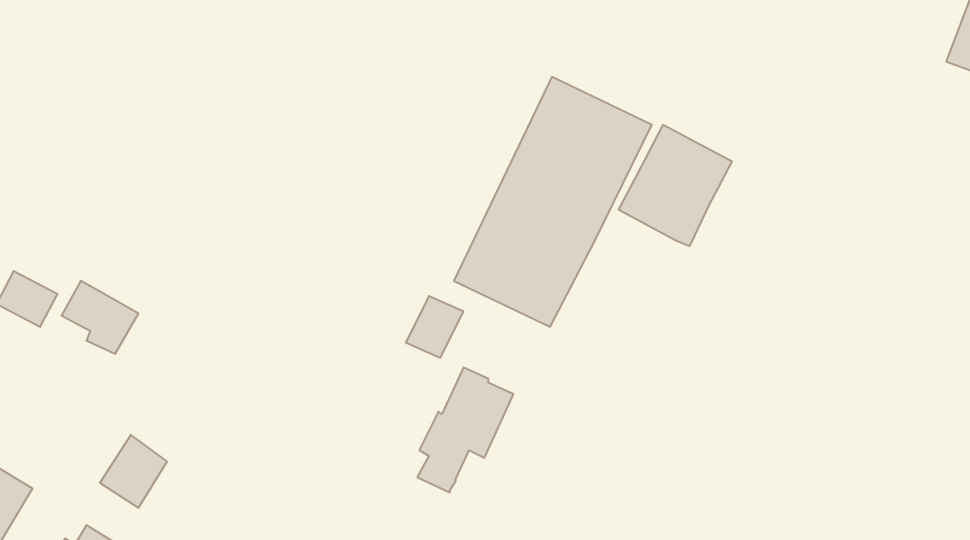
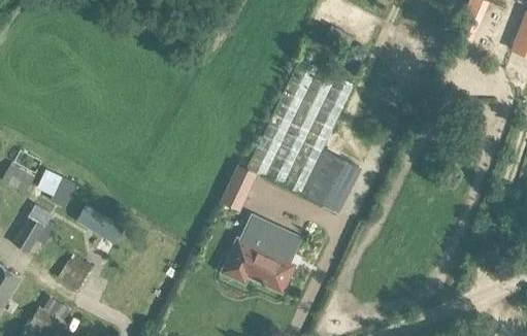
building: [619,125,732,246] -> [299,148,360,213]
building: none -> [14,204,57,250]
building: none -> [75,205,125,244]
building: none -> [249,228,302,290]

